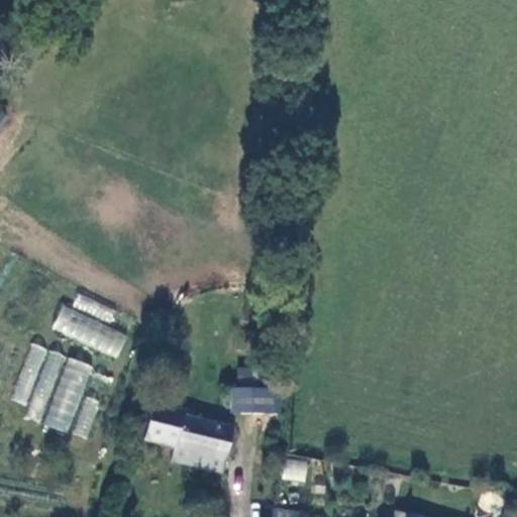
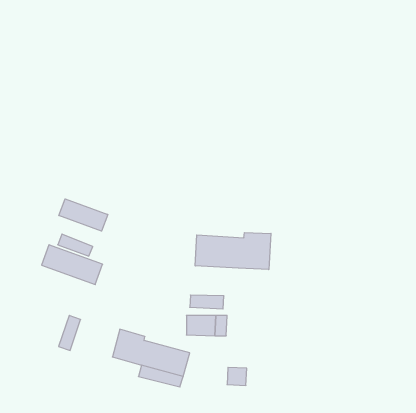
building: none -> [59,199,108,231]
building: none -> [195,233,271,270]
building: [12,341,91,430] -> none

